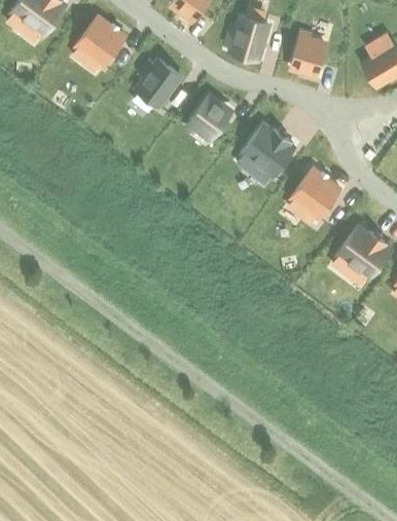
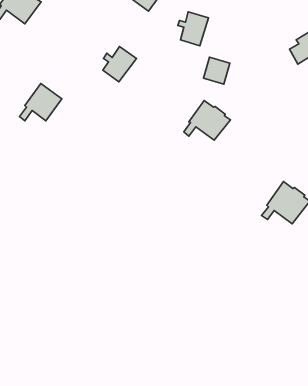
building: [71,17,122,63] -> [20,84,62,121]
building: [292,39,324,72] -> [204,57,230,84]
building: [190,99,227,136] -> none
building: [292,170,339,226] -> none

